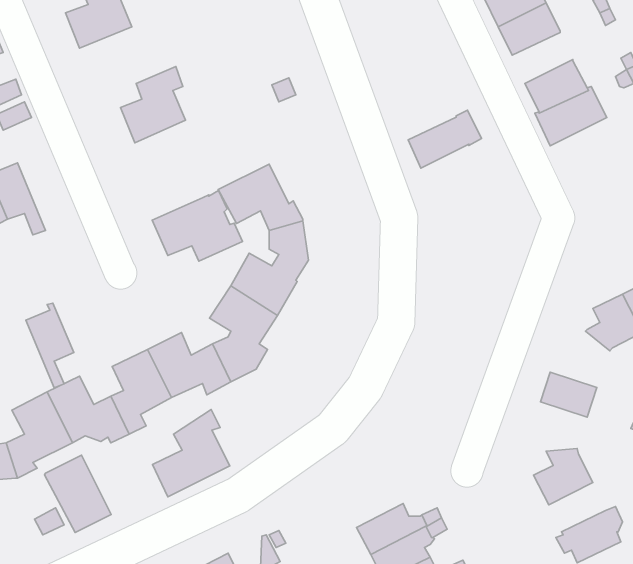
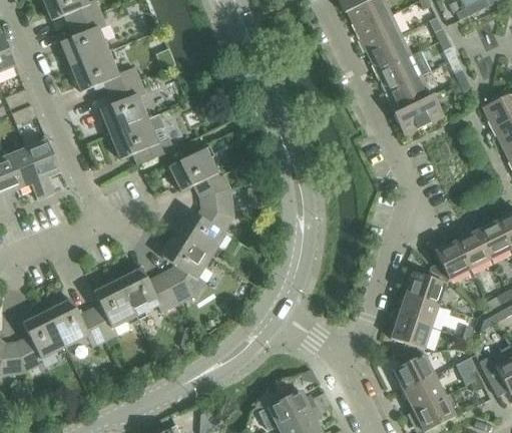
building: none -> [71,51,139,91]
building: [408,110,482,168] -> [378,50,430,91]
building: [152,191,243,261] -> [110,112,174,162]
building: [26,303,74,388] -> [27,135,61,195]
building: none -> [405,267,447,307]
building: none -> [391,317,431,352]
building: [152,409,230,497] -> none
building: [44,455,111,533] -> none
building: none -> [404,374,444,409]

